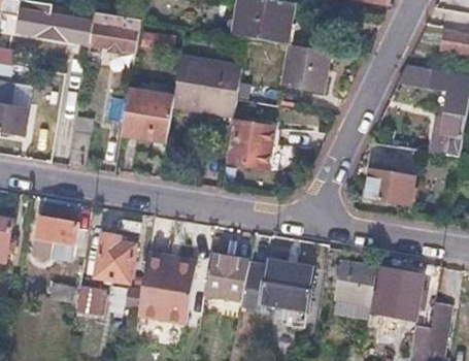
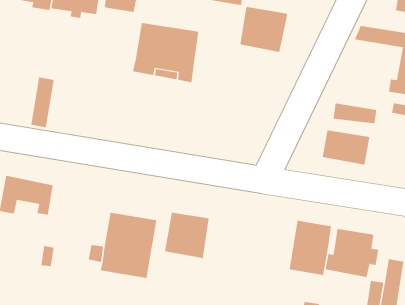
building: [121,90,174,141] -> none
building: [226,122,274,168] -> none
building: [96,232,136,282] -> none
building: [243,261,313,311] -> none

